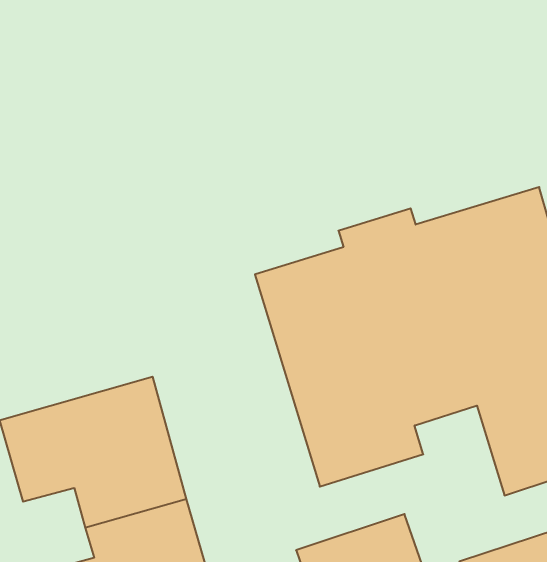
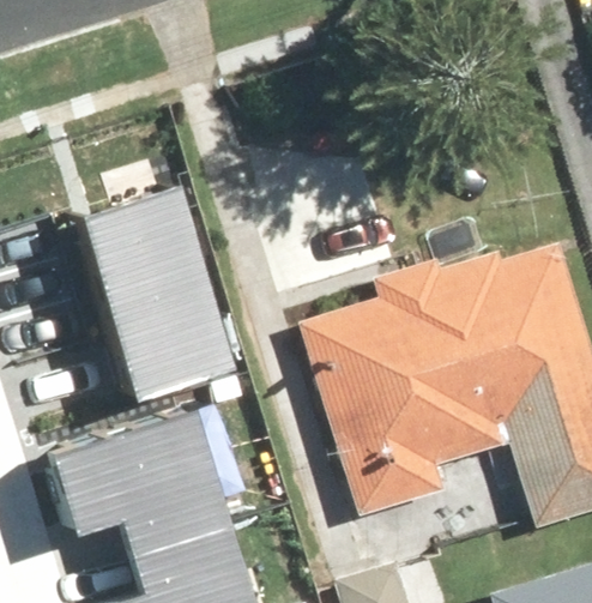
building: none -> [85,192,235,400]

